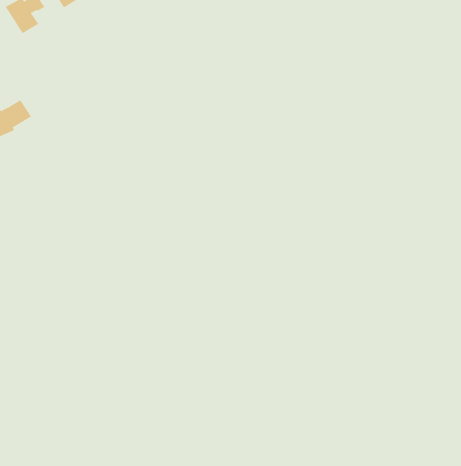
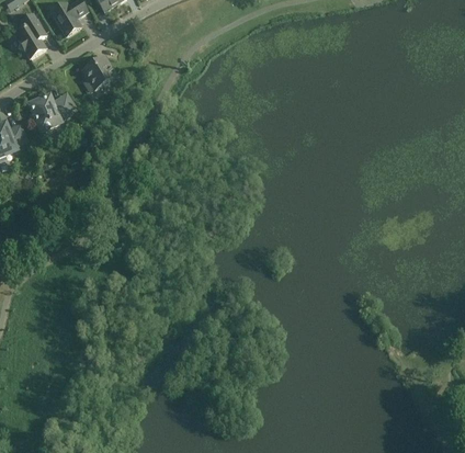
building: none -> [79,55,114,89]

